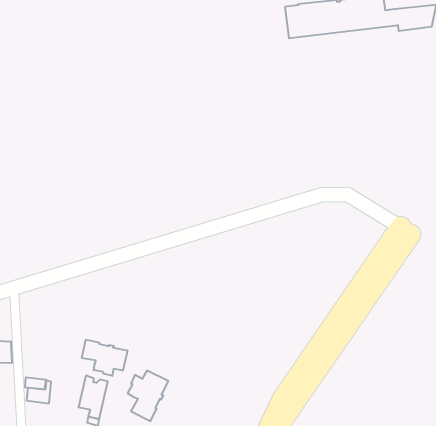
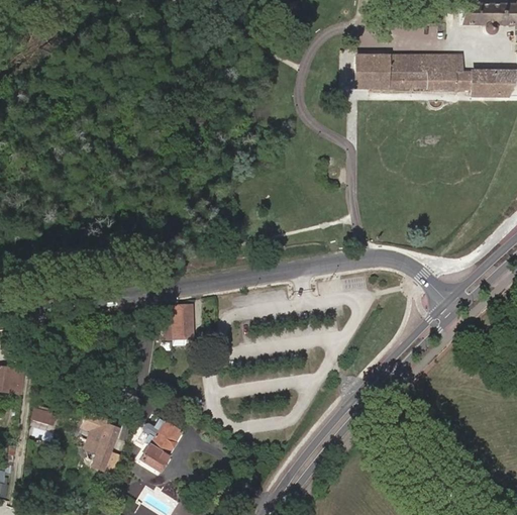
building: none -> [165,304,194,344]
building: [82,340,127,376] -> none

